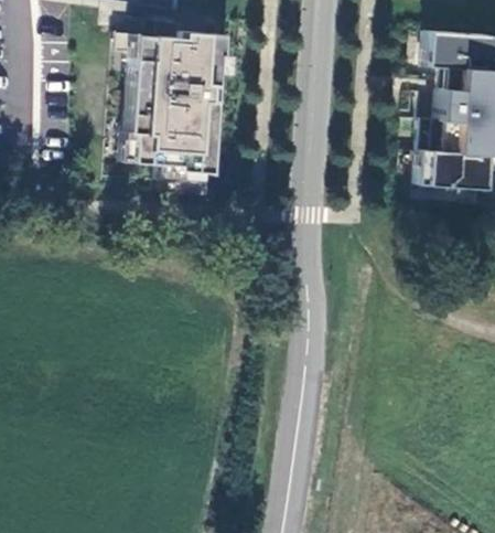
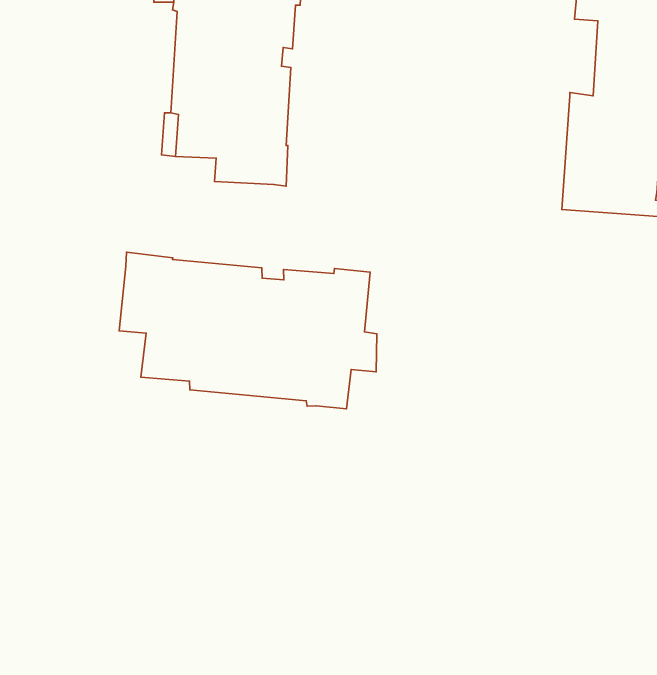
building: none -> [119,252,377,409]

